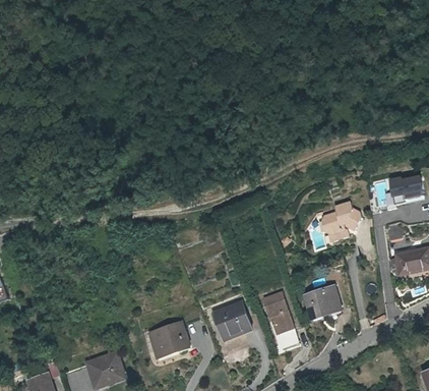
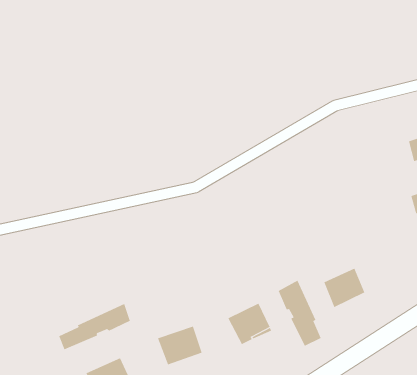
building: [319,198,361,241] -> none
building: none -> [59,303,131,350]

